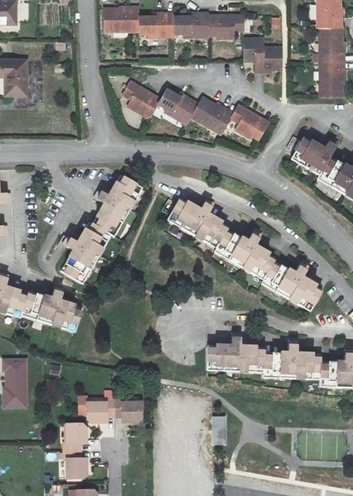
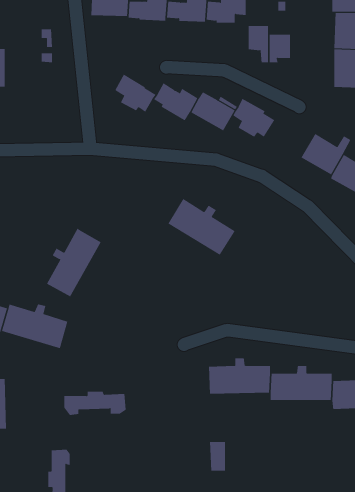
building: [92,174,143,237] -> none
building: [218,228,324,311] -> none
building: [85,400,142,422] -> [64,391,126,415]

